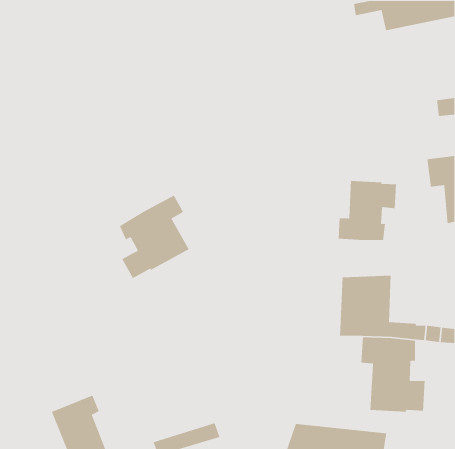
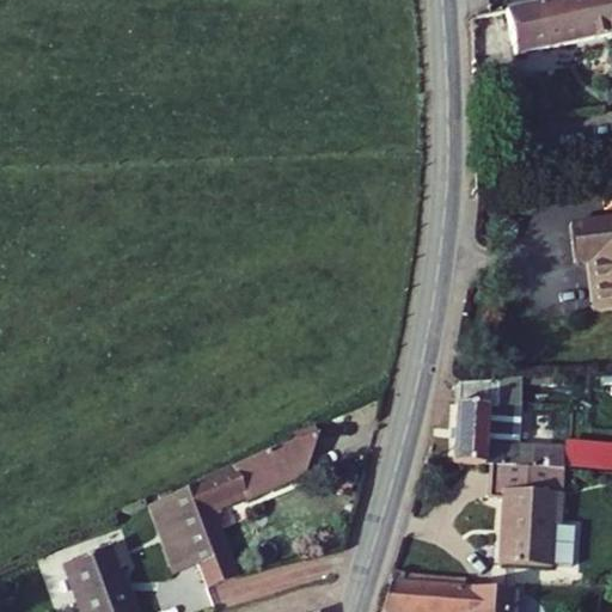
building: [338,180,397,241] -> none
building: [119,195,190,279] -> none
building: none -> [160,429,335,581]

